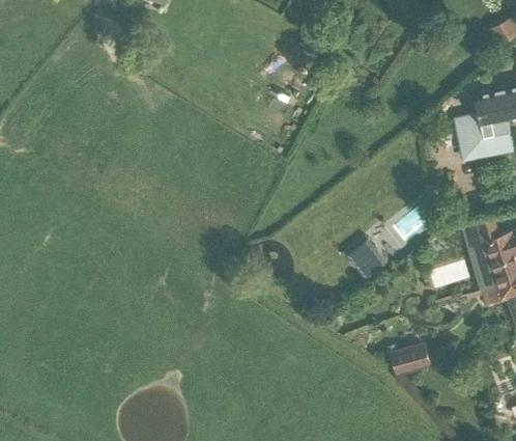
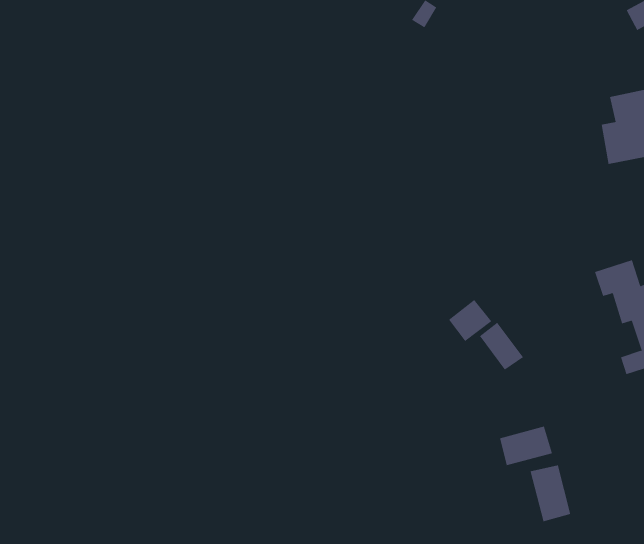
building: none -> [479,322,524,371]
building: none -> [530,464,571,522]

